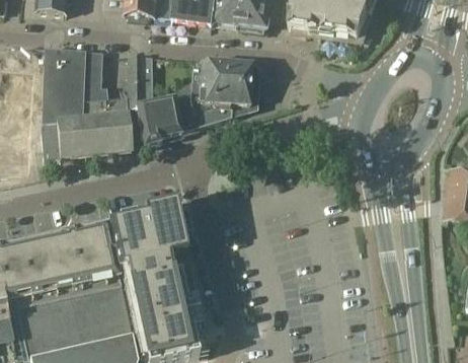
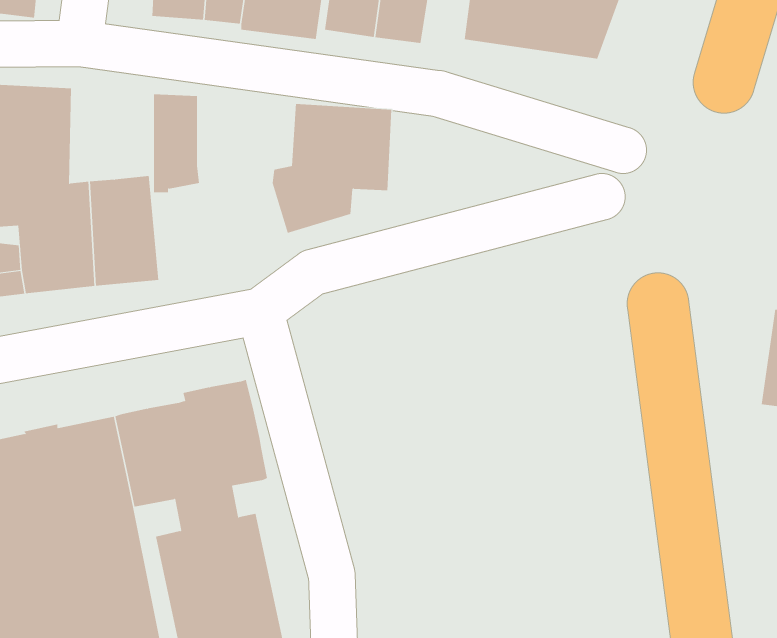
building: [84,51,107,100] -> none
building: [136,93,198,145] -> none

